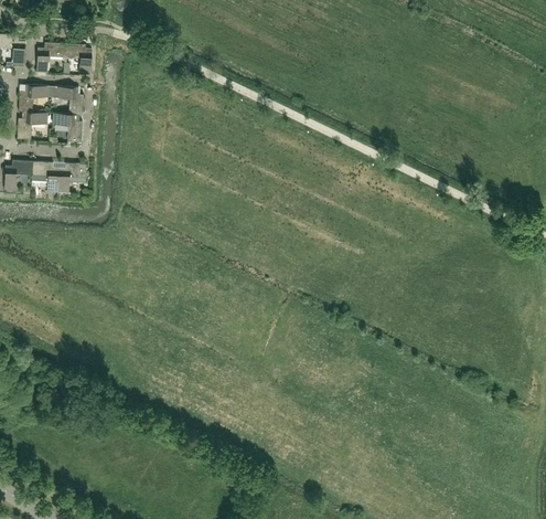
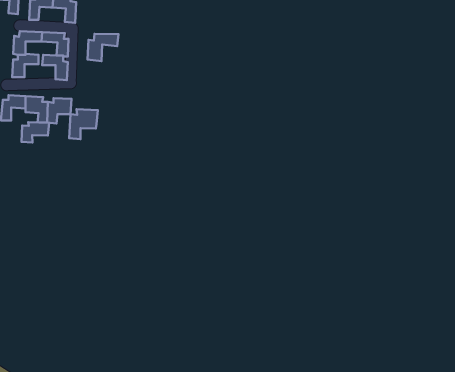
building: none -> [87,34,118,61]
building: none -> [69,109,98,139]
building: none -> [22,122,49,143]

